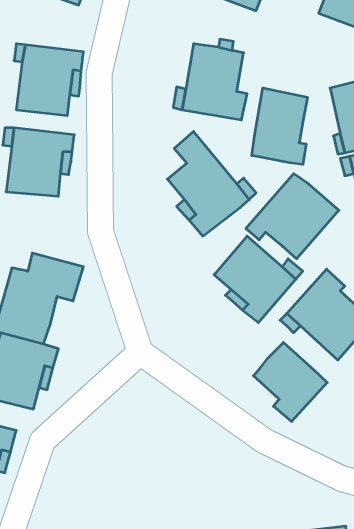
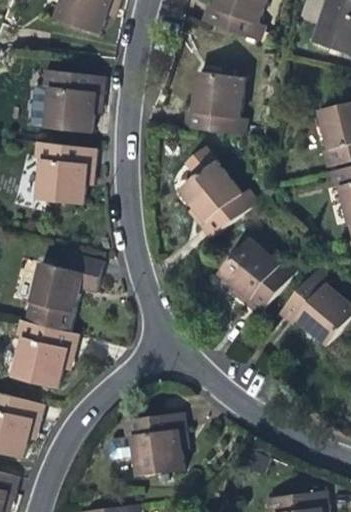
building: [252,88,307,164] -> none
building: [246,174,339,259] -> none
building: [253,342,327,422] -> none
building: none -> [128,416,193,480]

